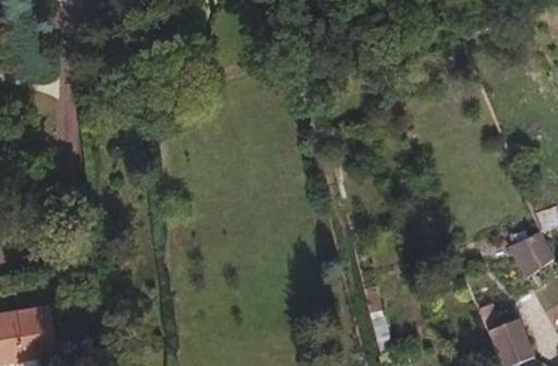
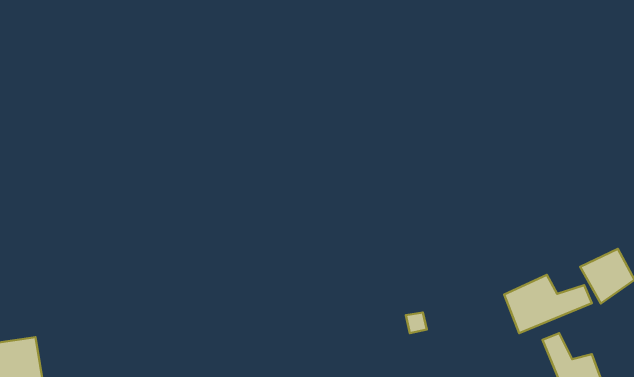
building: none -> [504,275,592,333]

